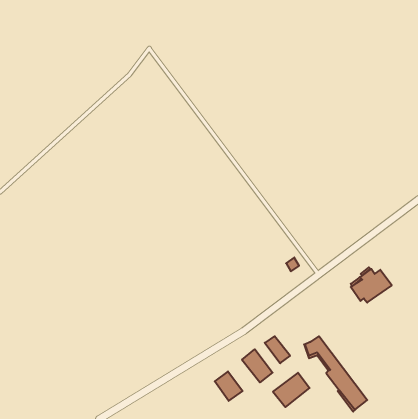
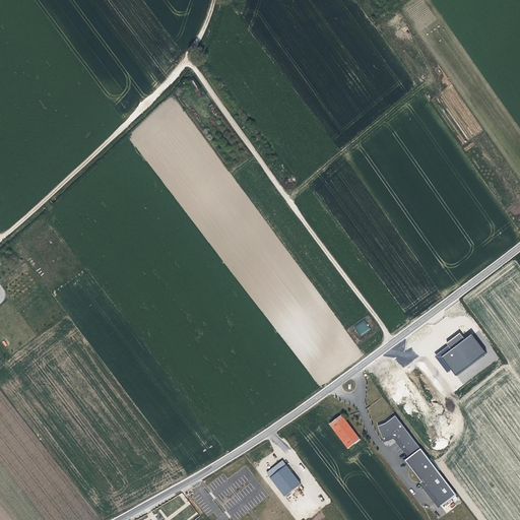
building: [242,349,273,382] -> none
building: [273,373,310,407] -> none

